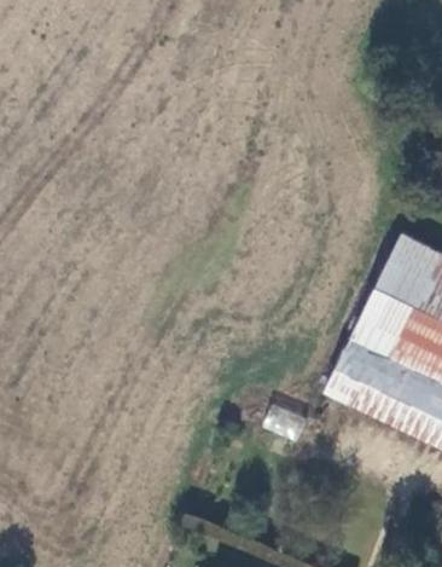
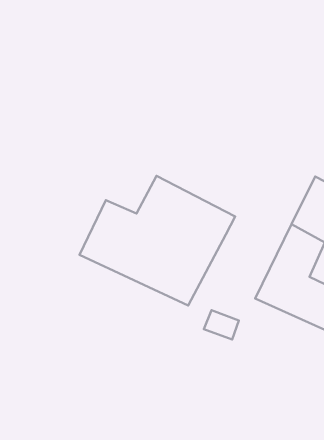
building: none -> [80,176,235,305]

